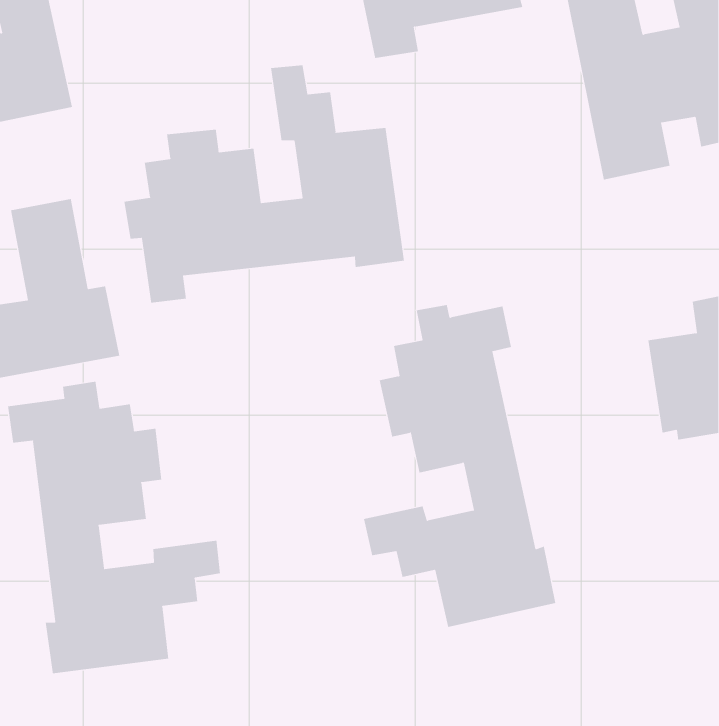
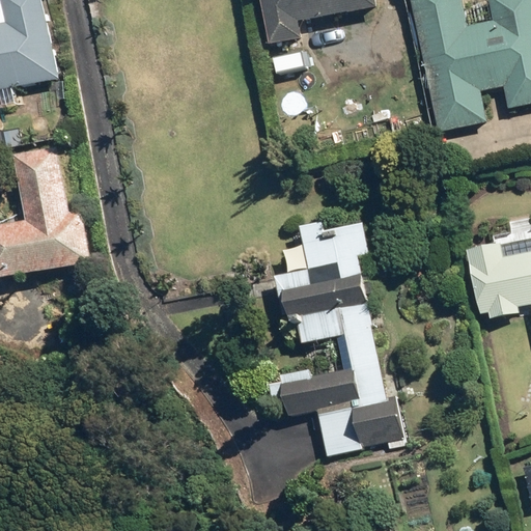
building: [124,64,404,304] -> none
building: [8,381,221,674] -> none

